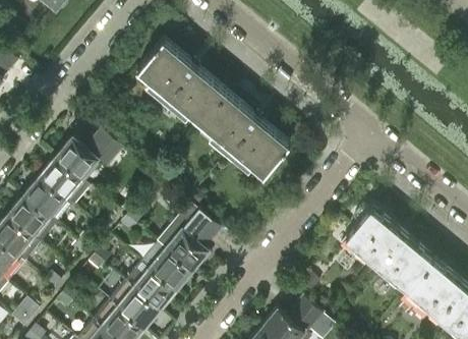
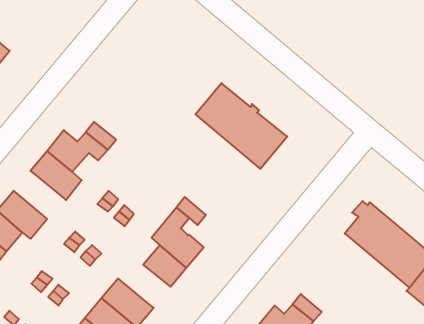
building: [136,42,225,125] -> none
building: [22,180,71,227] -> none
building: [124,265,175,314] -> none

